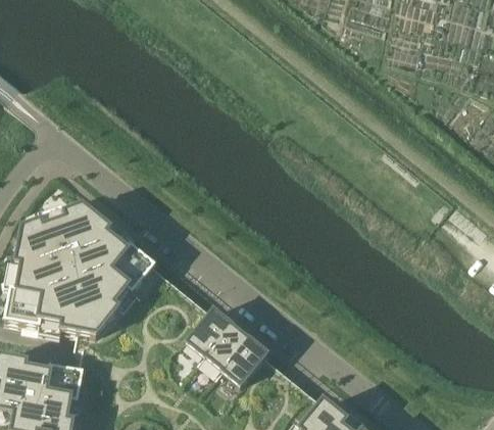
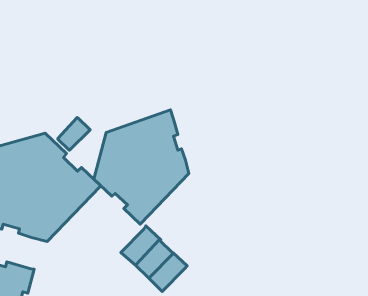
building: none -> [94,110,189,224]
building: none -> [58,117,90,150]

